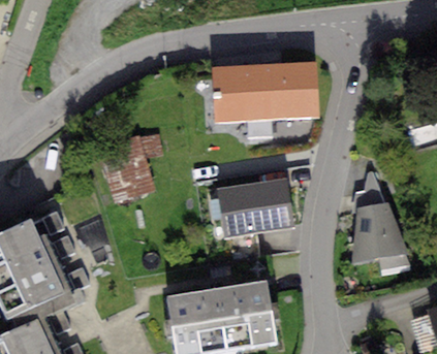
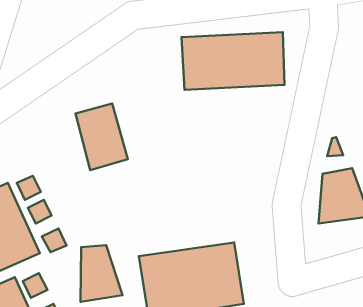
building: [218,180,295,238] -> none
building: none -> [81,245,123,302]

